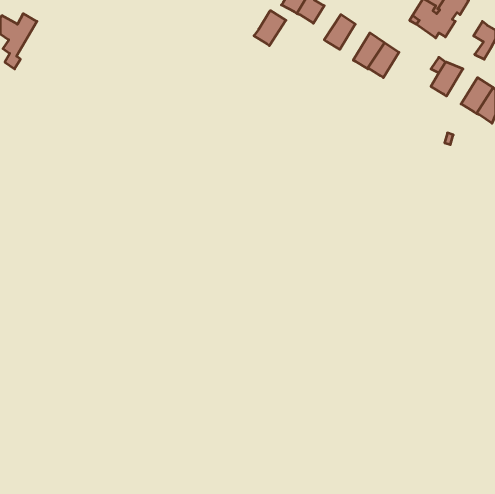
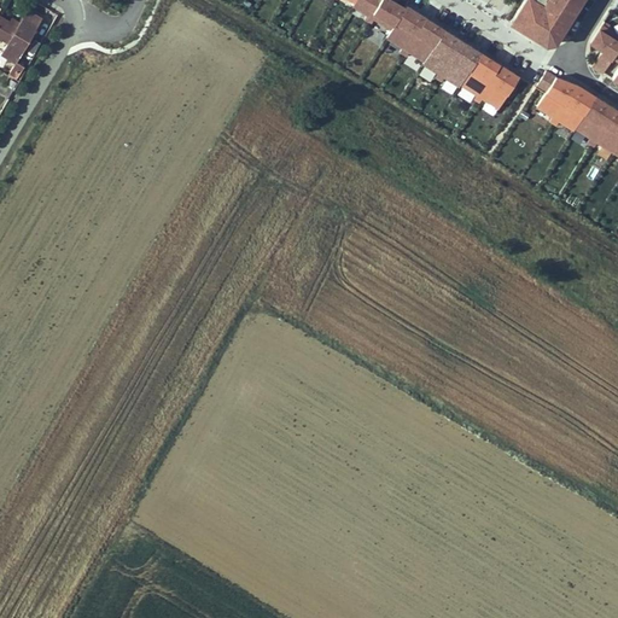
building: [254,11,286,46] -> [385,6,425,49]
building: none -> [422,30,461,75]
building: none -> [478,65,517,109]
building: none -> [556,86,595,129]

